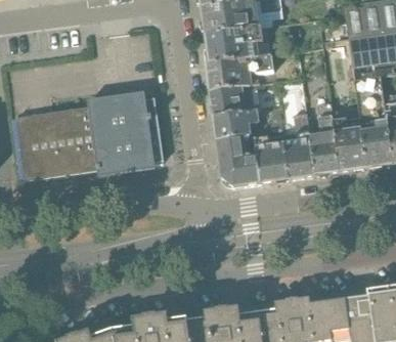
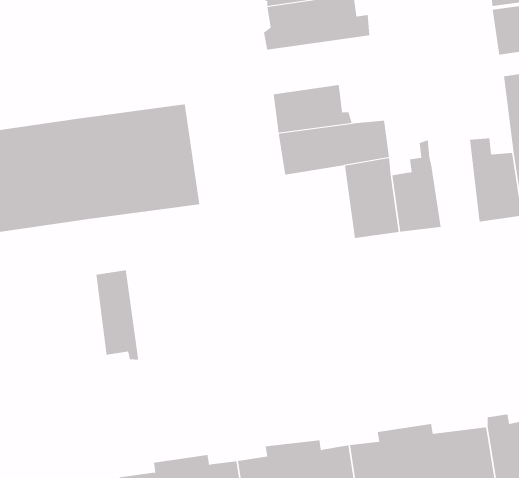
building: [206,53,273,90] -> none
building: [310,101,340,174] -> none
building: [217,135,261,185] -> none
building: none -> [96,270,139,361]

